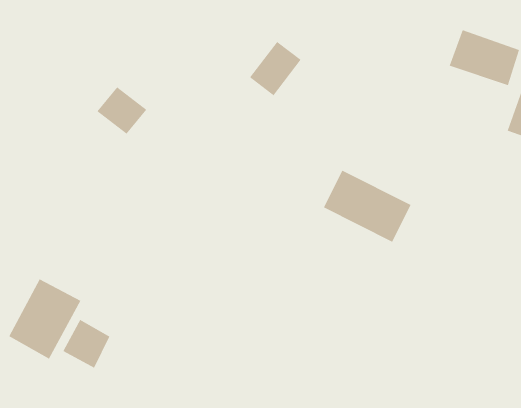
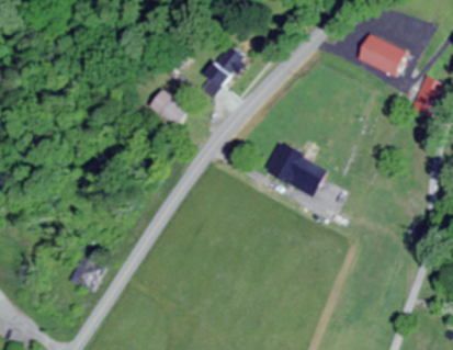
building: [97,87,147,134] -> [149,90,188,126]
building: [9,279,81,360] -> none

